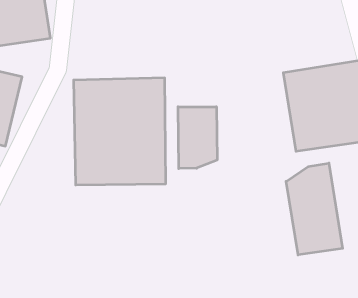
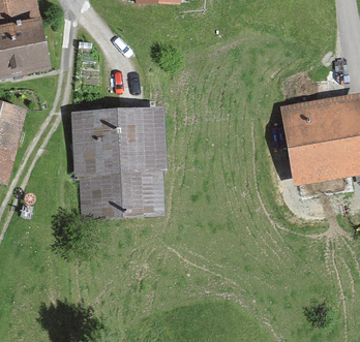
building: [178,107,217,169] -> none
building: [286,163,343,255] -> none

